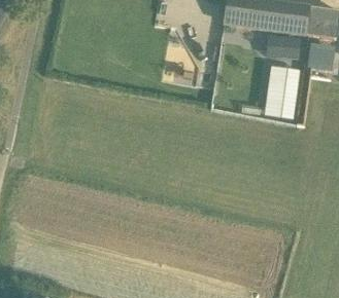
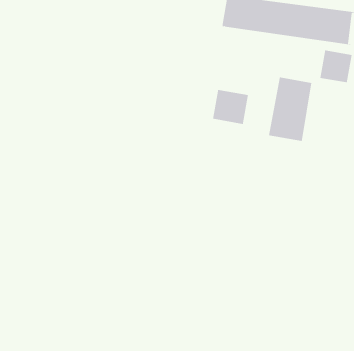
building: [265,34,299,58] -> none
building: none -> [212,89,248,125]

